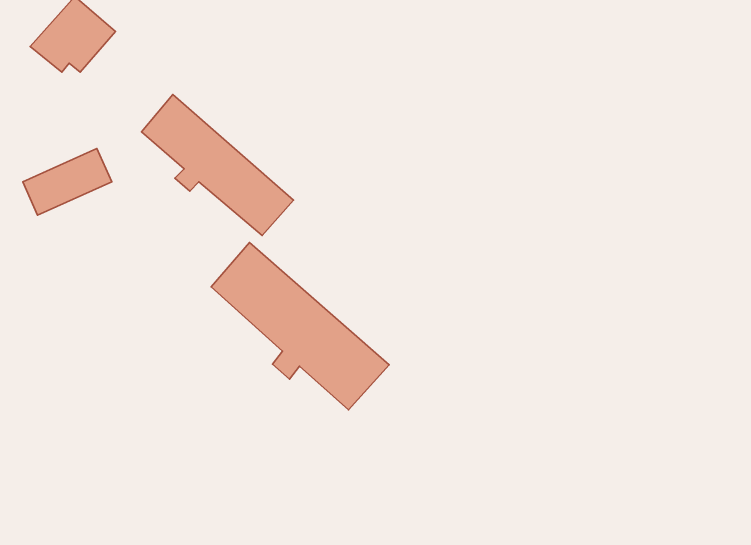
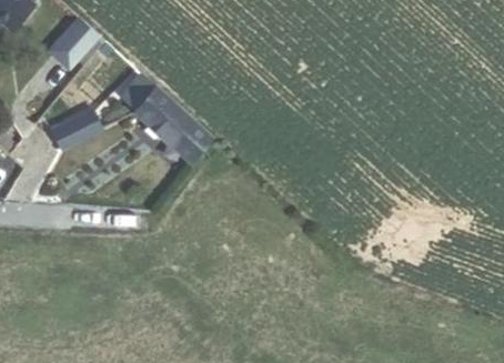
building: [211,242,389,410] -> none

